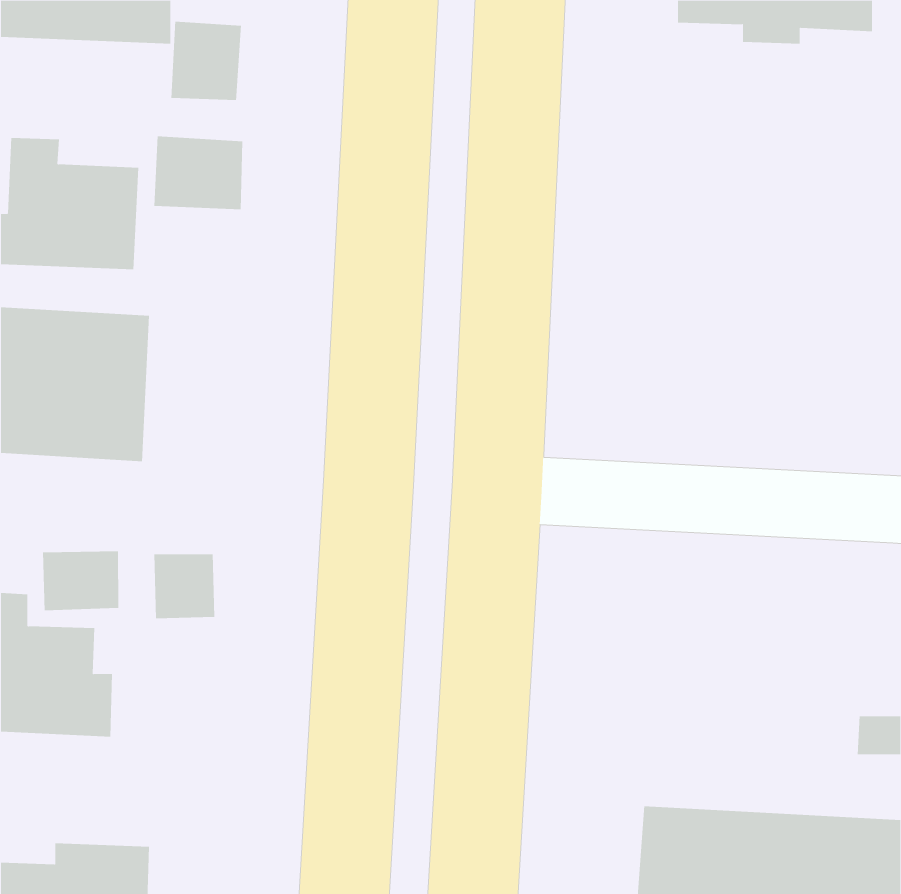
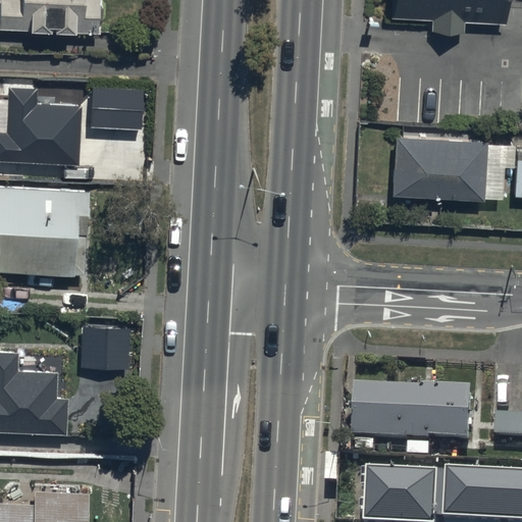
building: [171,21,242,101] -> none
building: none -> [386,136,484,202]
building: [42,551,119,611] -> none
building: none -> [354,389,471,445]

